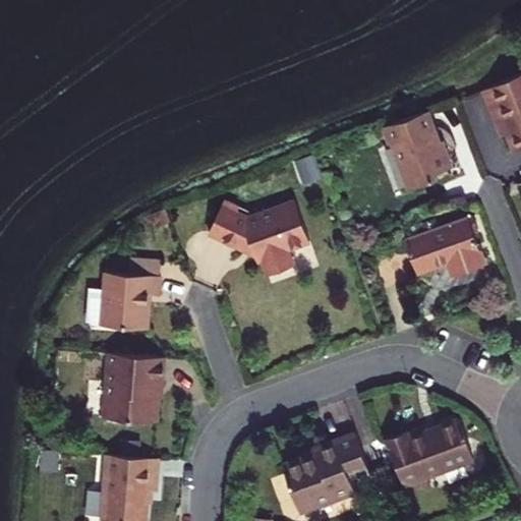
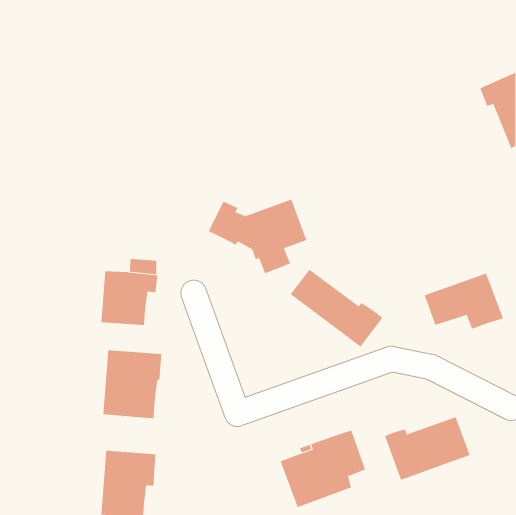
building: [383,114,450,189] -> none
building: [404,221,484,278] -> [424,273,504,330]
building: none -> [290,269,383,348]

